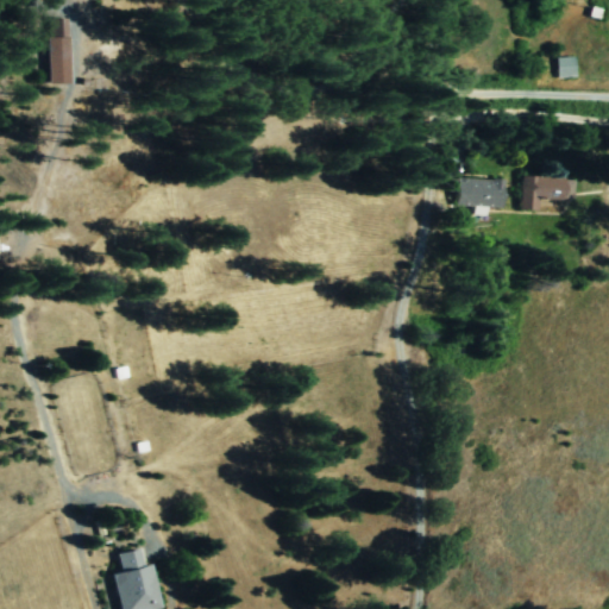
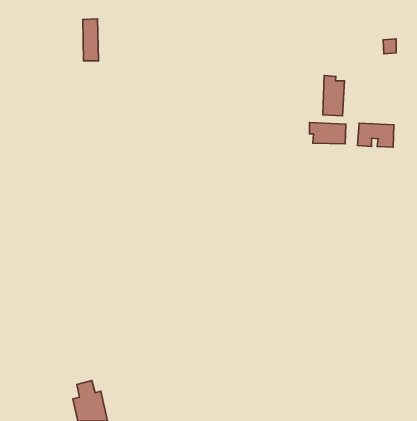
building: [49,21,71,82] -> [83,19,98,61]
building: none -> [323,75,345,116]

